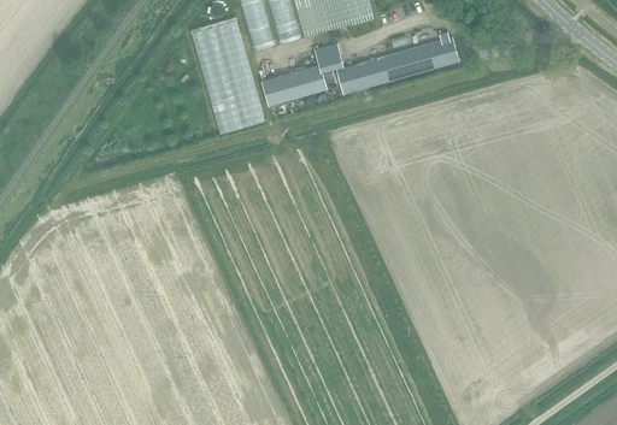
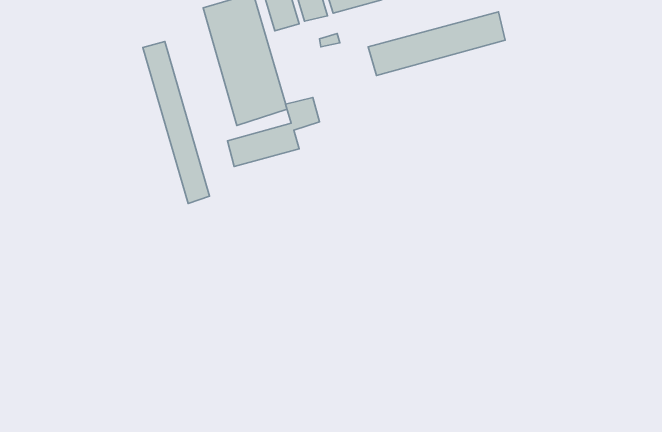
building: [264,42,346,104] -> [227,98,319,167]
building: none -> [143,42,210,204]

